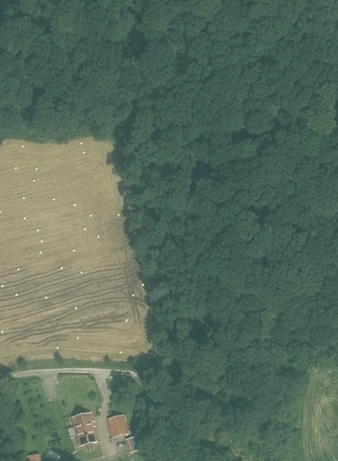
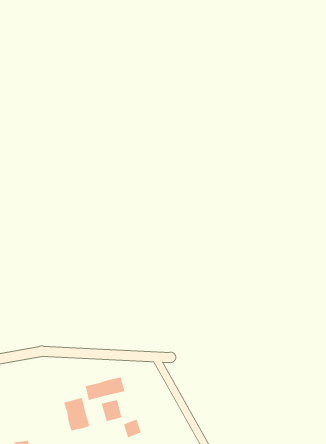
building: none -> [85,376,125,401]

